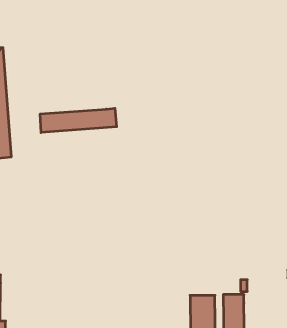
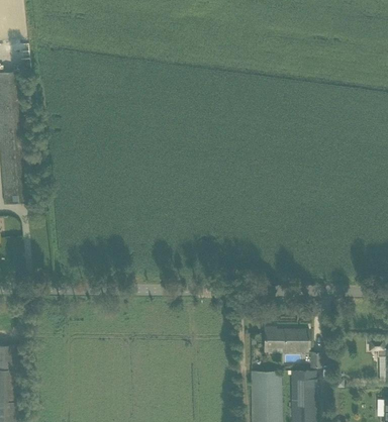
building: [40,108,117,133] -> none
building: none -> [264,328,308,348]

